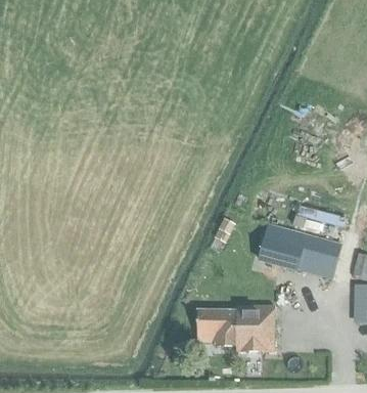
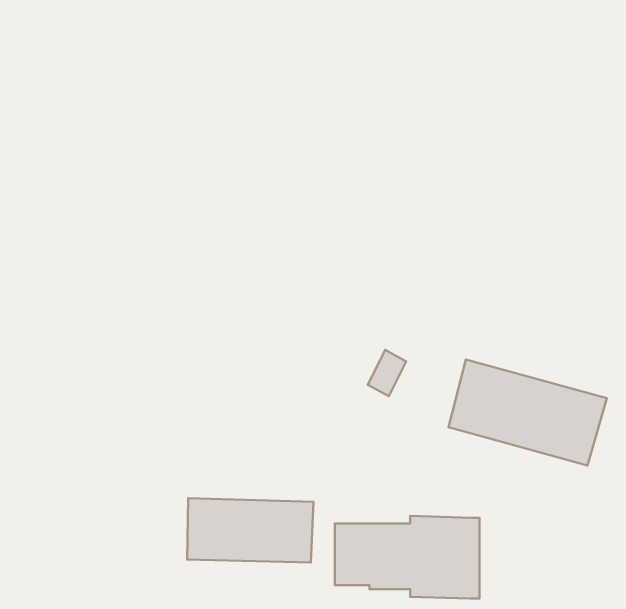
building: none -> [187,498,314,563]

